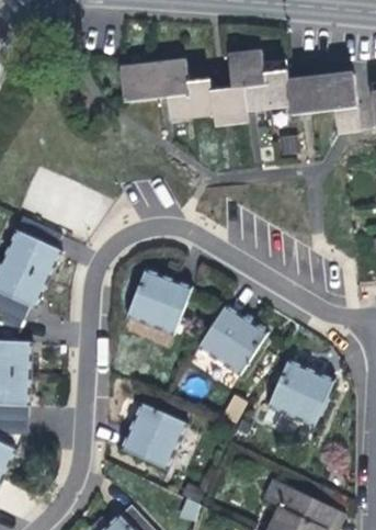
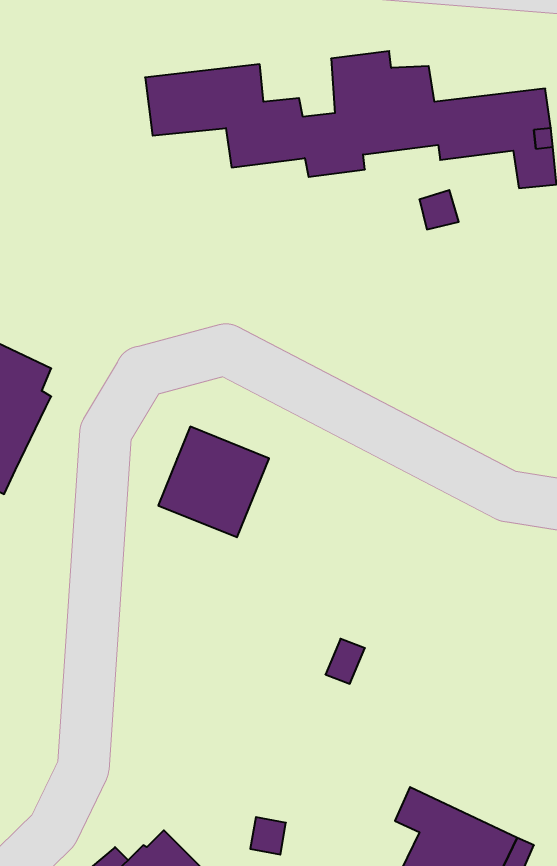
building: [195,304,266,376] -> none
building: [267,361,332,426] -> none
building: [119,404,186,469] -> none

